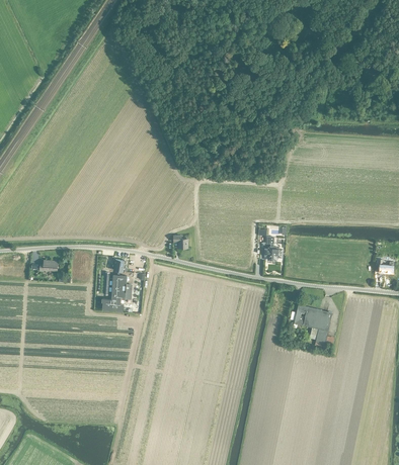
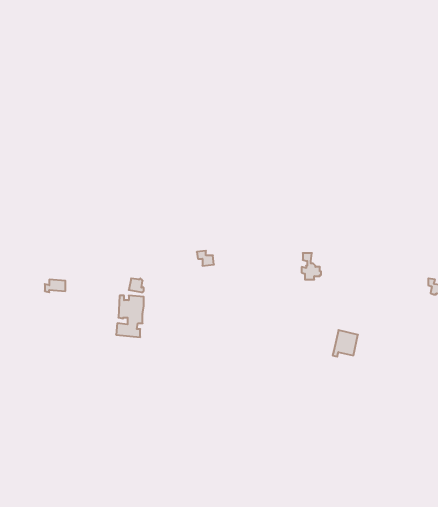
building: [310,309,332,347] -> none

